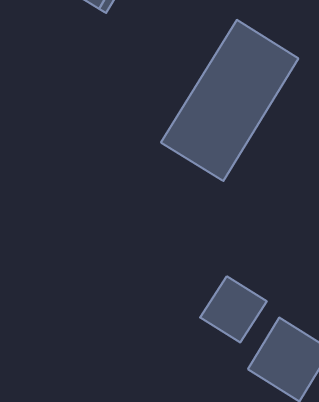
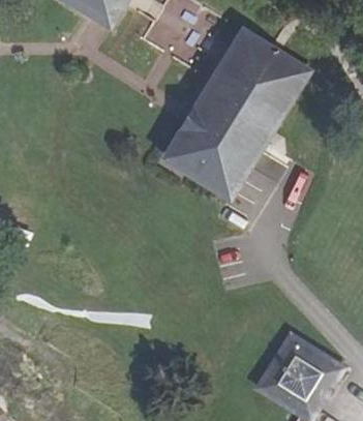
building: [200,276,267,343] -> none

